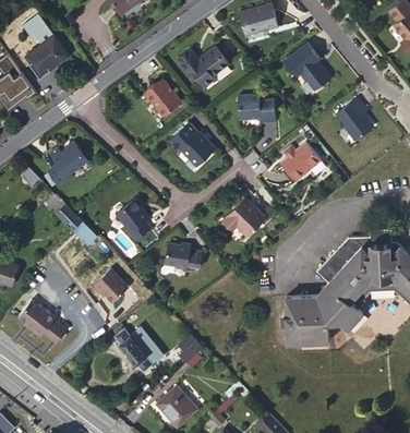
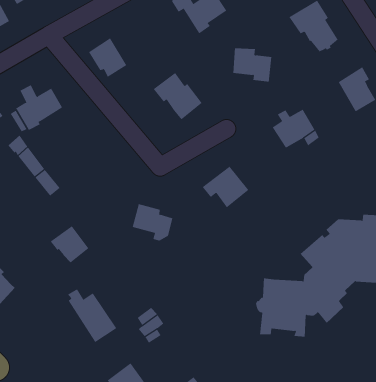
building: [146,77,182,113] -> [88,38,127,78]
building: [116,200,150,239] -> none

